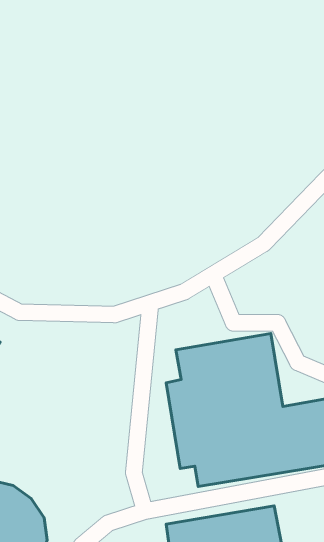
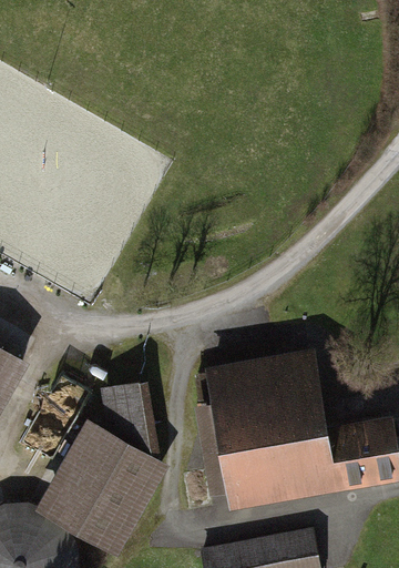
building: none -> [43,385,163,547]

